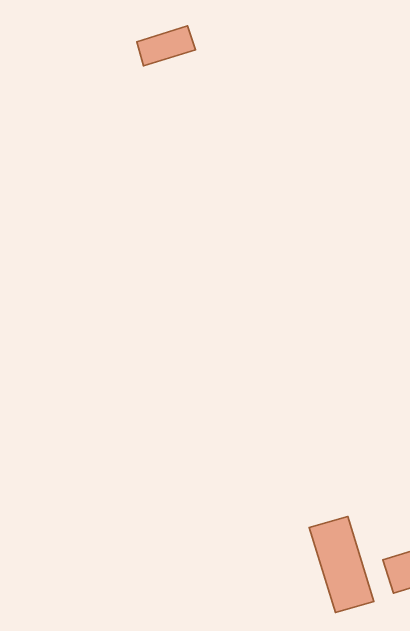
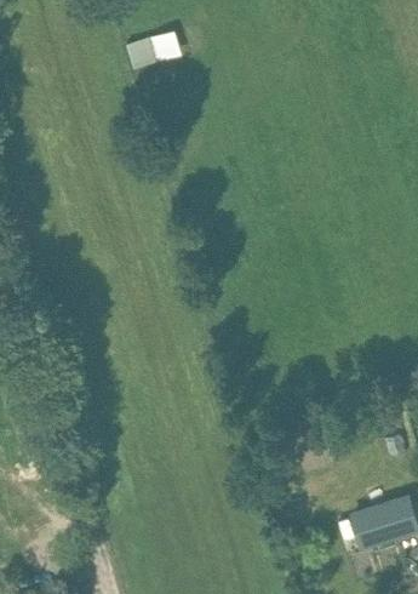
building: [309,516,374,613] -> none

